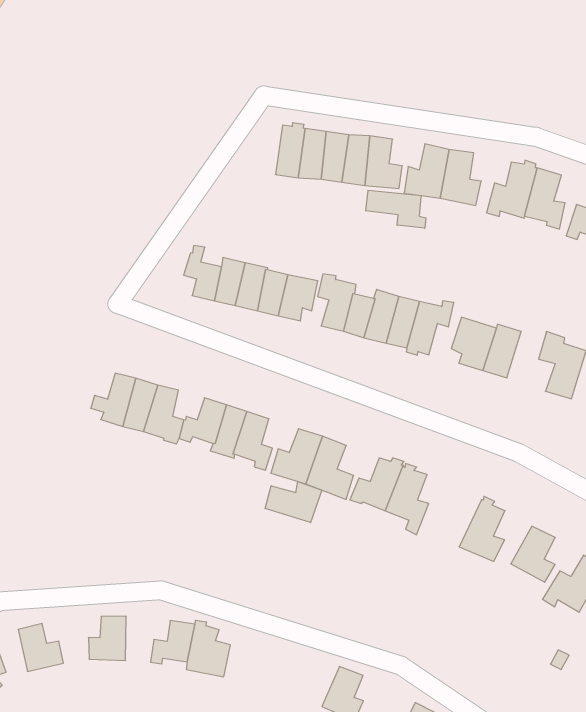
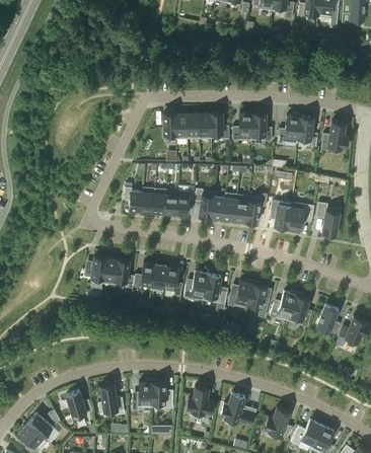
building: [366,190,426,228] -> none
building: [265,482,322,523] -> none
building: none -> [269,291,296,321]
building: none -> [194,386,215,411]

